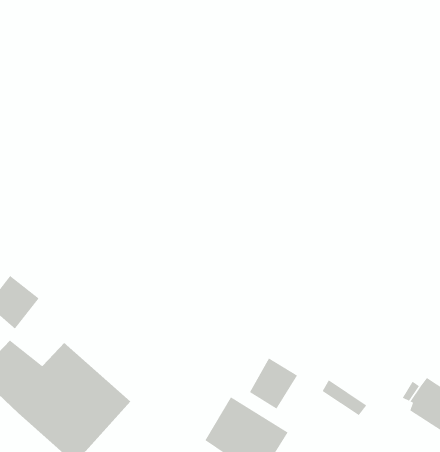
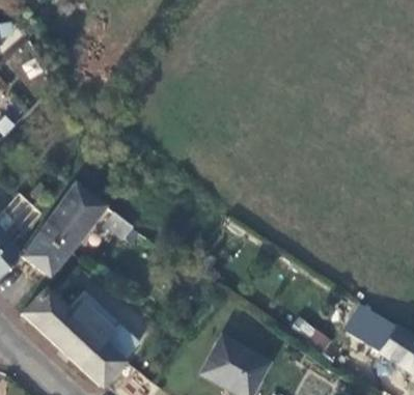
building: none -> [46,187,130,252]
building: [249,358,298,410] -> none

